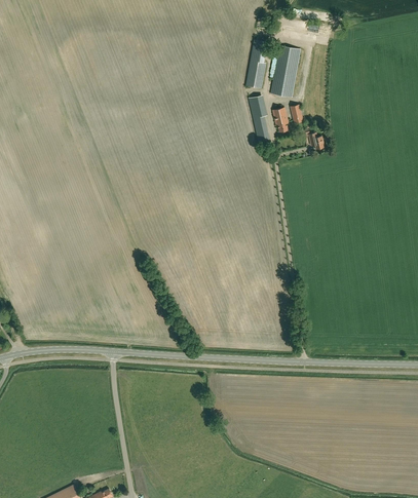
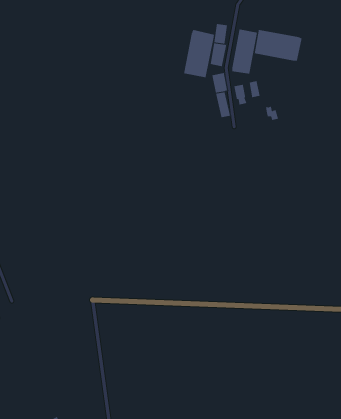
building: none -> [183,29,214,78]
building: none -> [254,29,302,61]

